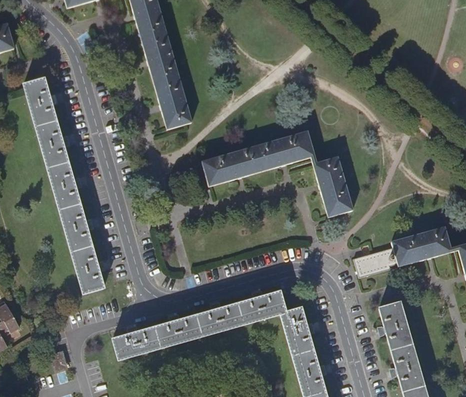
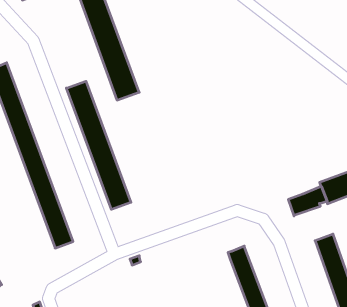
building: none -> [66,81,131,209]
building: [202,129,353,215] -> none
building: [112,291,284,358] -> none

